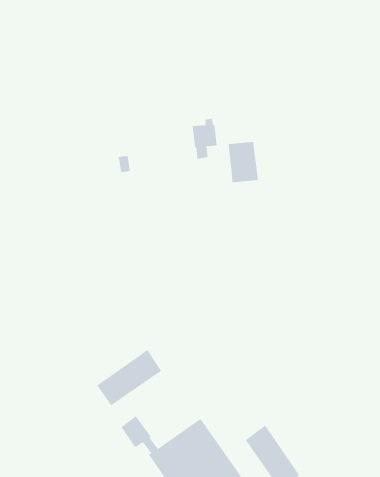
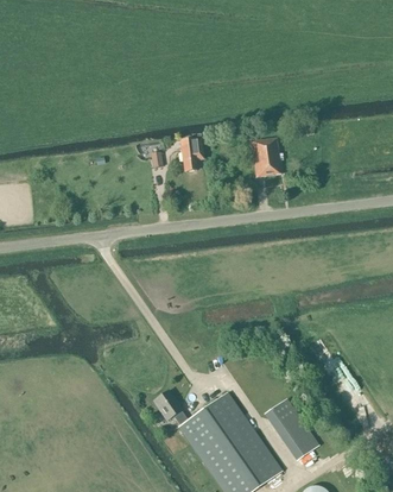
building: [192,118,218,160] -> [180,133,204,171]
building: [96,349,162,406] -> none

